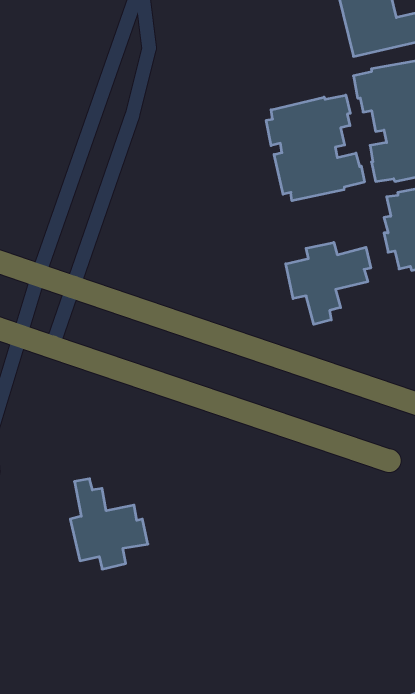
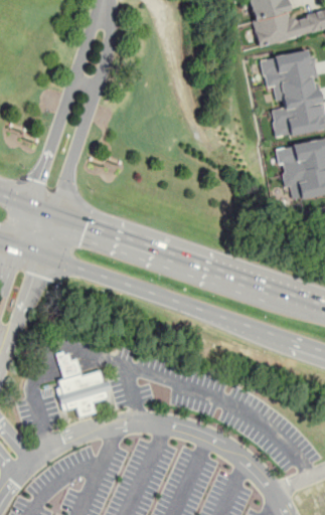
building: [266,95,364,201] -> none
building: [286,242,371,324] -> none

